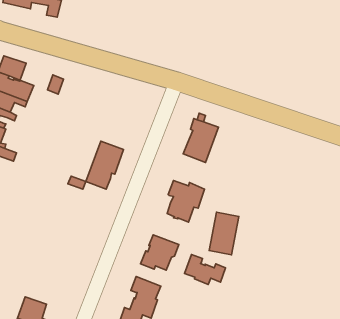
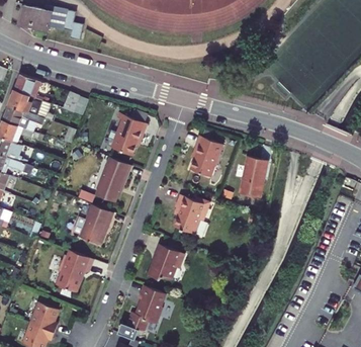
building: none -> [110,115,146,155]
building: none -> [72,203,113,244]
building: [209,212,239,255] -> [239,155,267,195]
building: none -> [58,251,94,292]
building: [185,255,226,285] -> none

